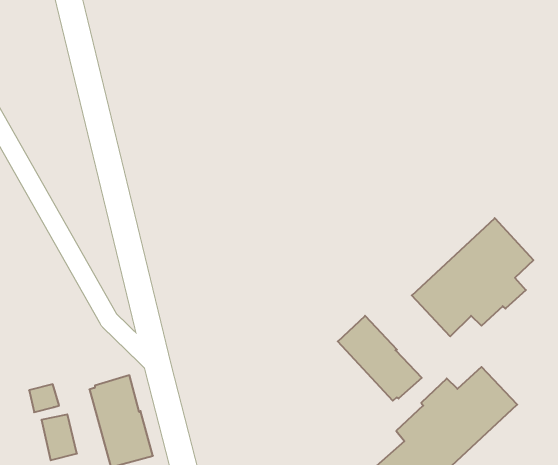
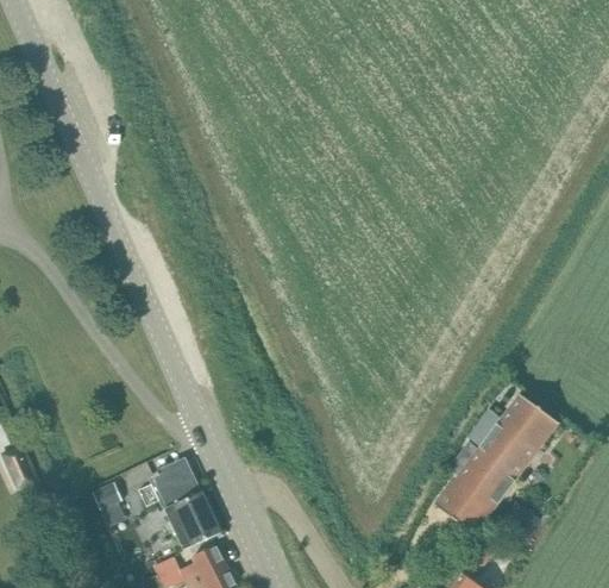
building: [412,218,533,336] -> none
building: [338,316,422,401] -> none

